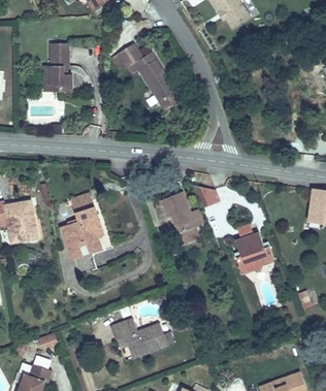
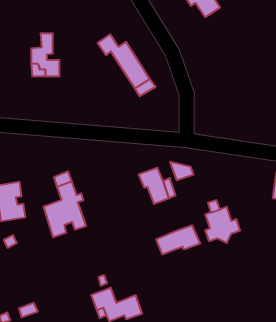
building: none -> [156,225,200,254]

